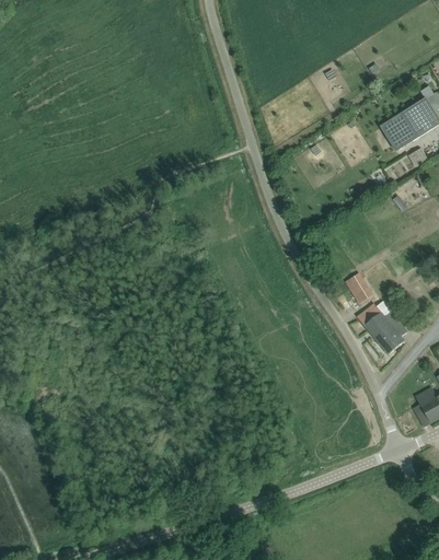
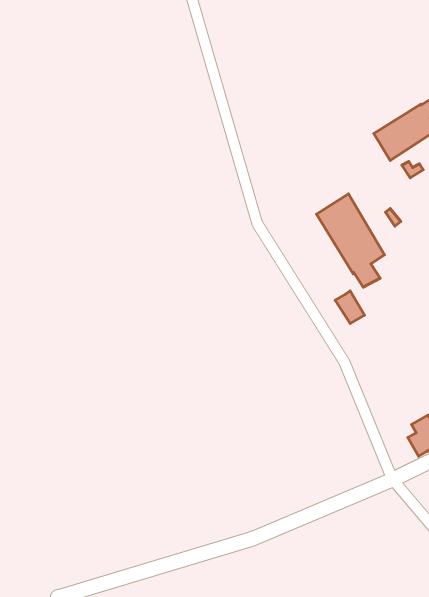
building: none -> [317,194,385,287]
building: [357,302,406,353] -> none

